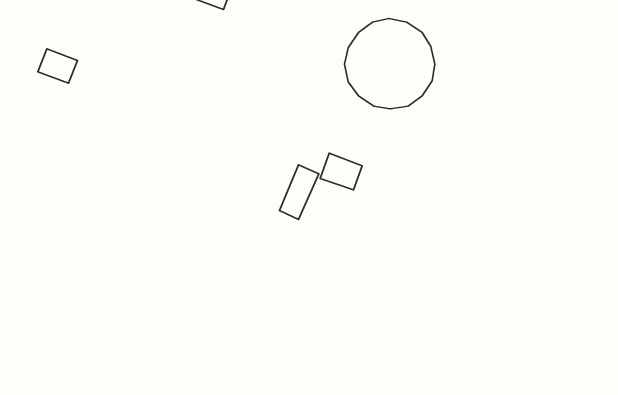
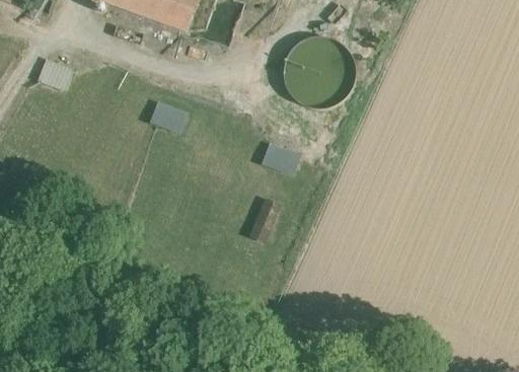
building: none -> [150,103,186,133]
building: [279,165,319,220] -> [249,196,281,239]

